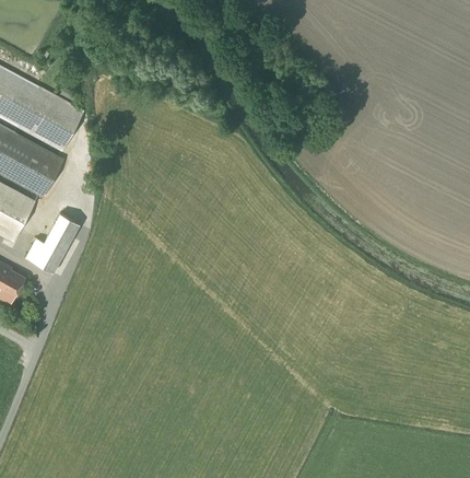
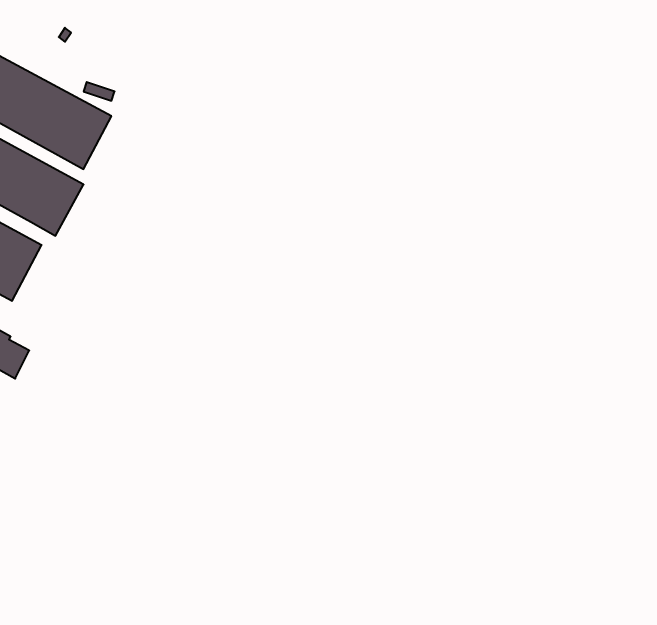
building: [25,212,79,271] -> none

